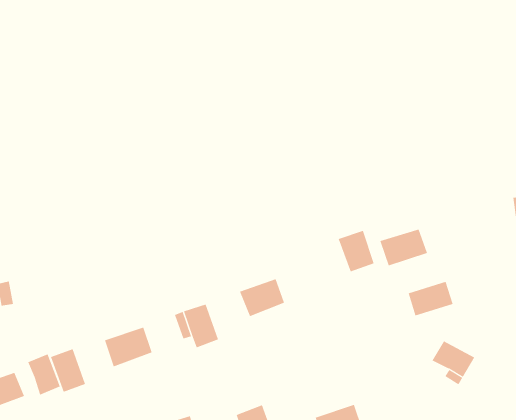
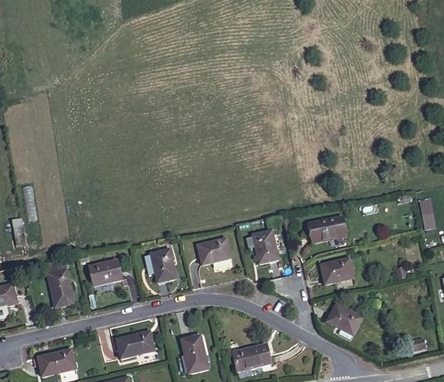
building: [338,230,375,272] -> [249,230,274,260]
building: [28,353,60,395] -> none

